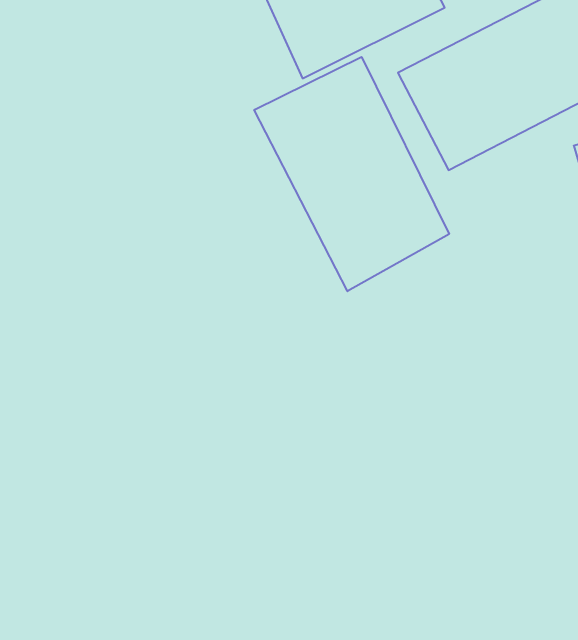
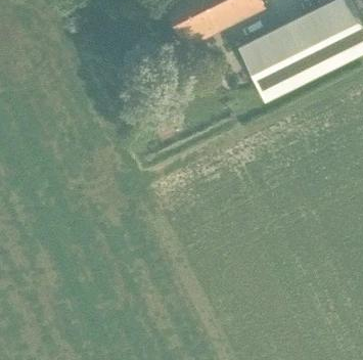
building: [254,57,449,291] -> none

